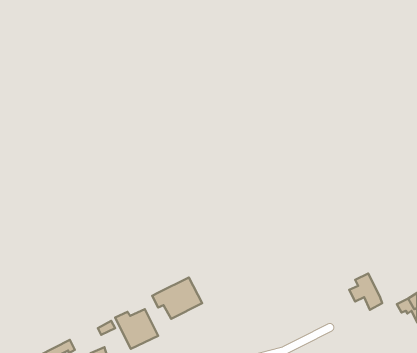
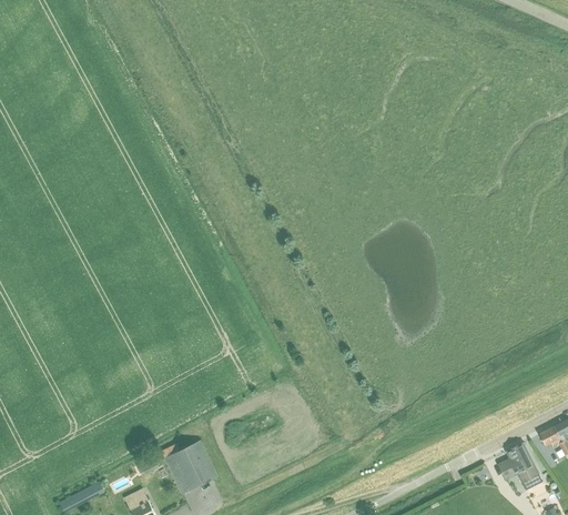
building: [349,273,382,310] -> [497,442,541,491]
building: [152,277,202,319] -> none

